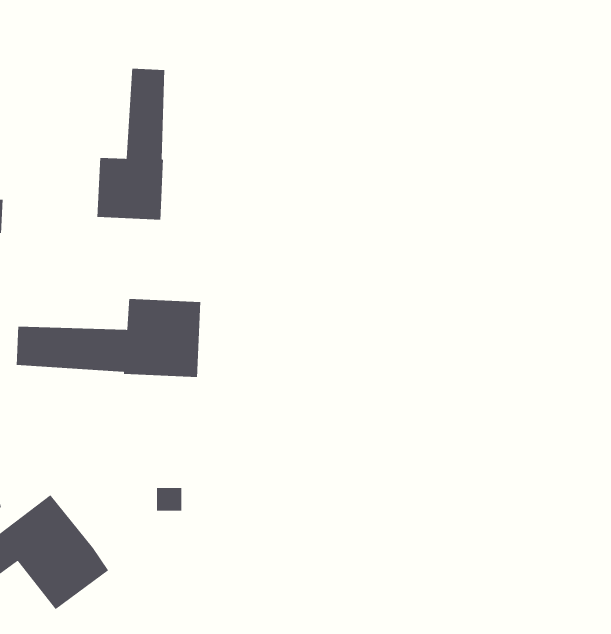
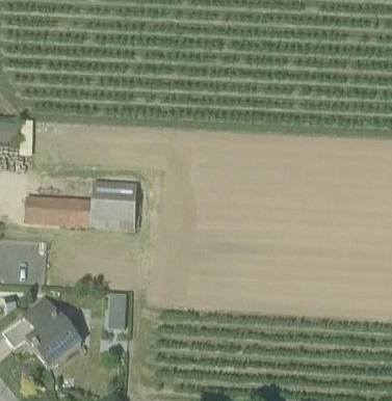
building: [97,68,165,221] -> none

